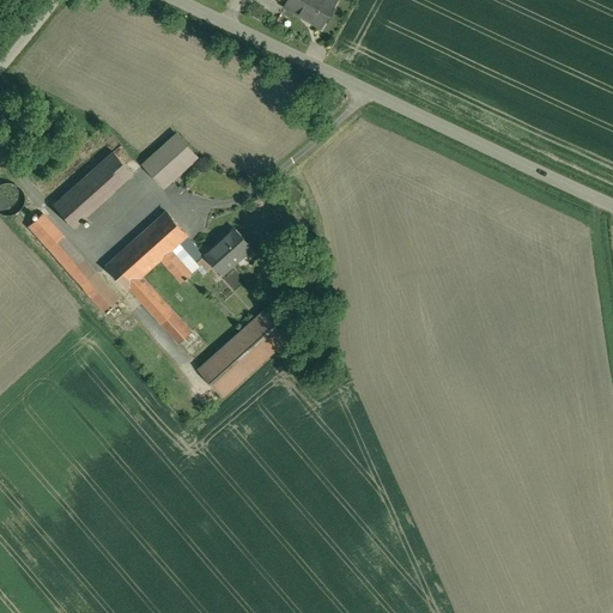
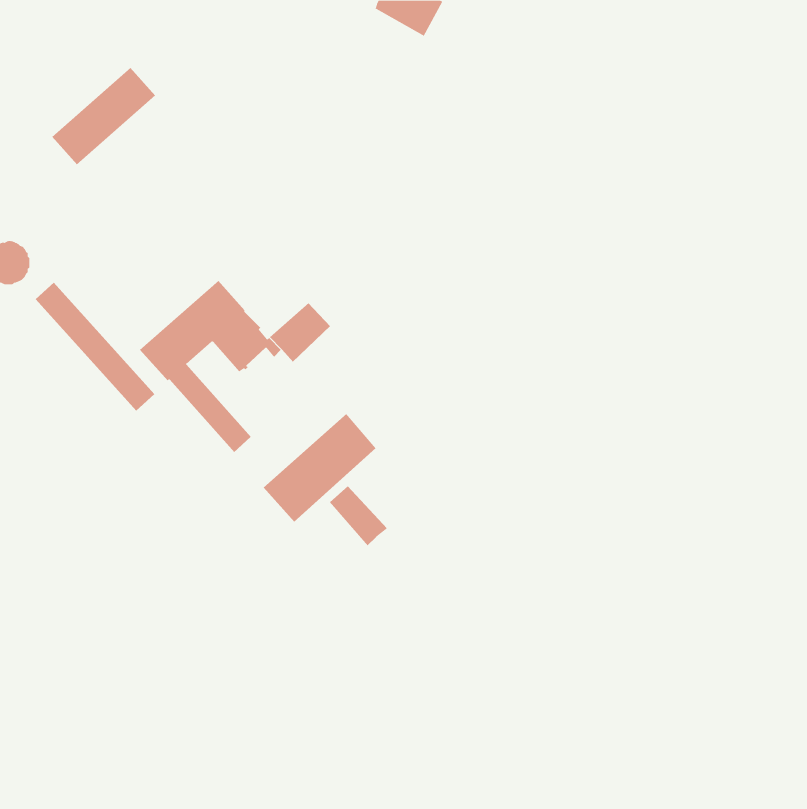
building: [138,132,195,189] -> none
building: [53,152,132,226] -> [51,67,156,165]
building: none -> [329,485,388,546]

